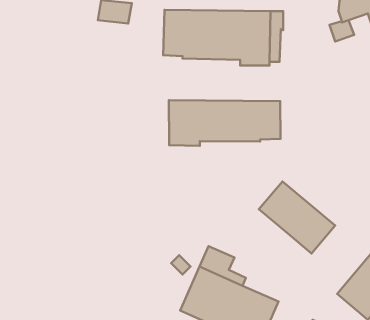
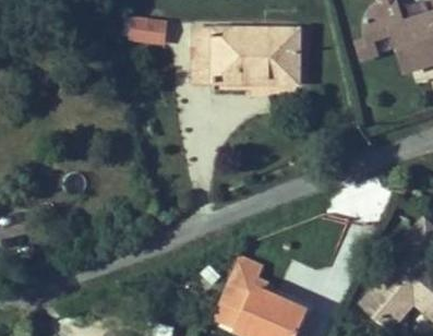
building: [169,100,280,146] -> none
building: [259,181,335,253] -> none

